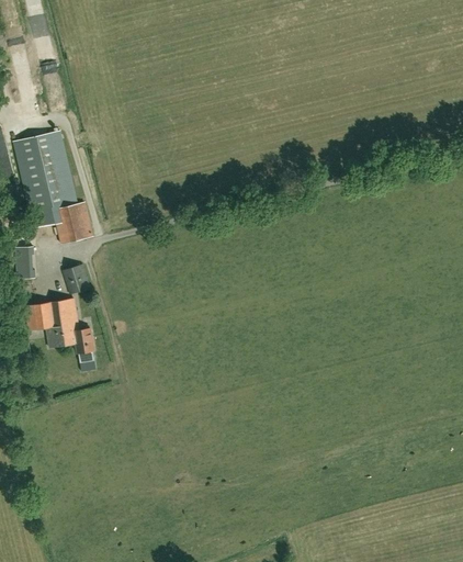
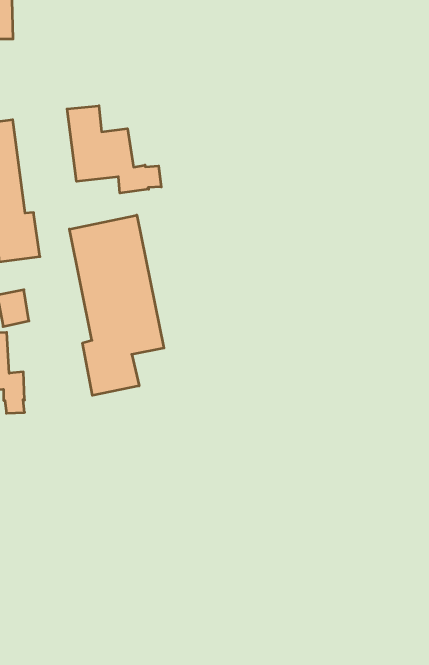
building: none -> [67,106,161,193]
building: none -> [69,215,164,395]

